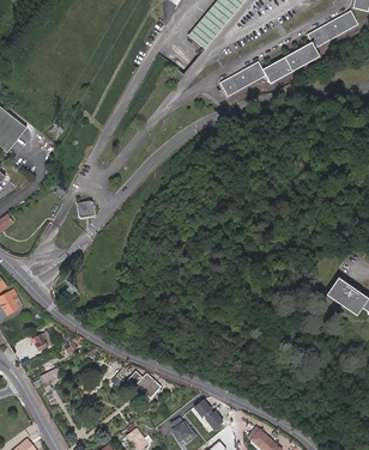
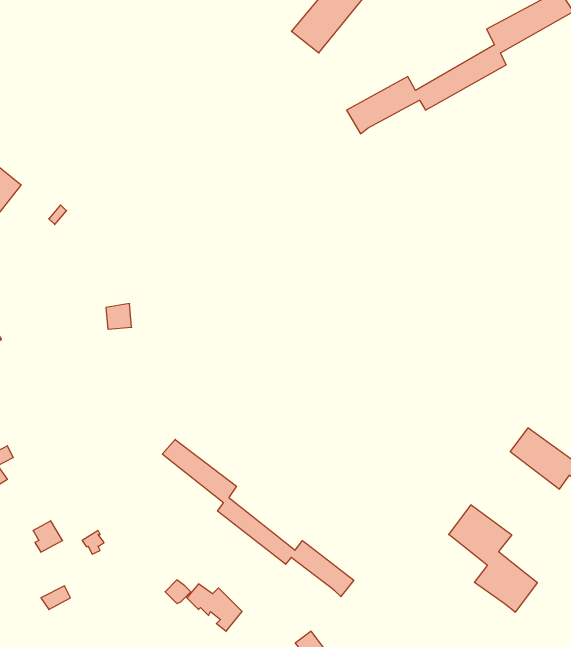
building: none -> [162,439,354,597]
building: none -> [449,505,537,612]

